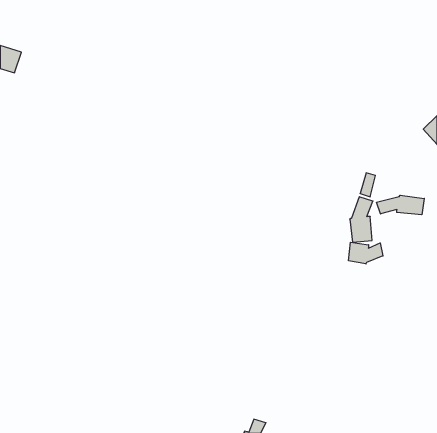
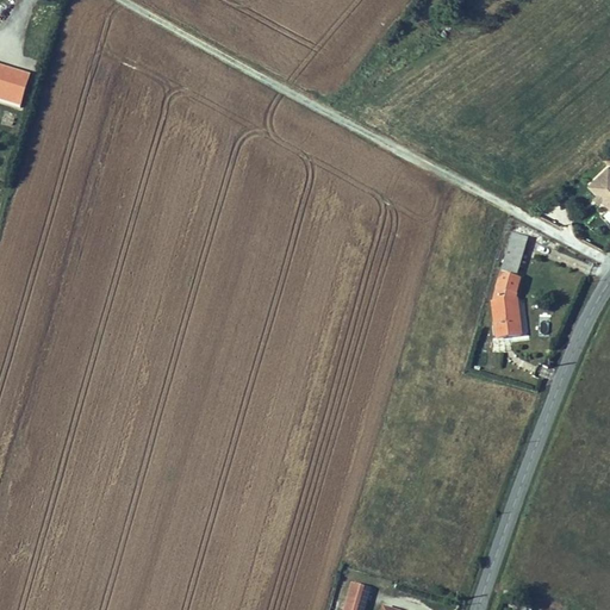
building: [377,195,424,215] -> none
building: [349,242,383,264] -> none

